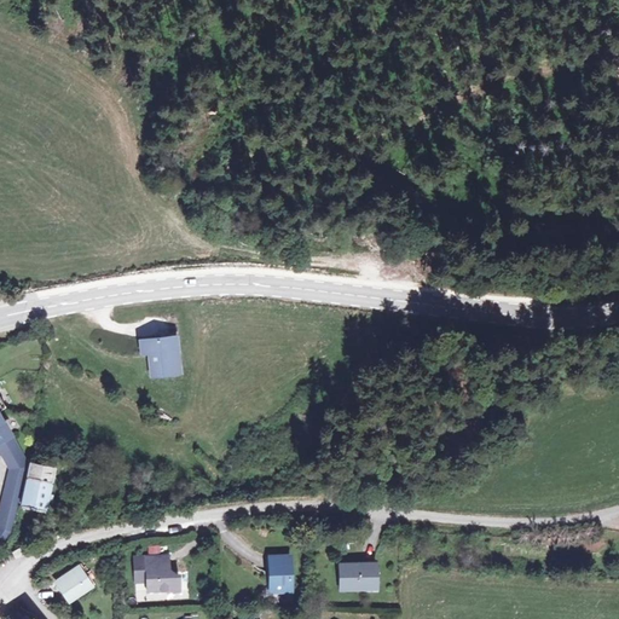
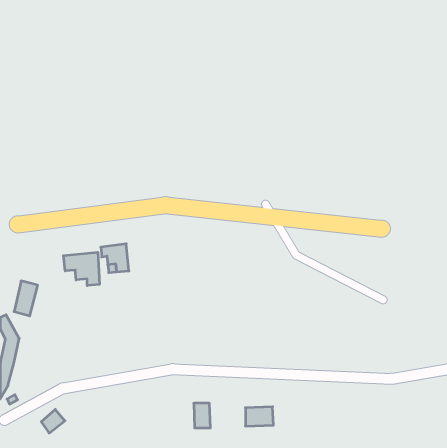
building: none -> [63,252,99,286]
building: [22,463,54,511] -> [14,281,38,316]
building: [133,556,179,592] -> none

